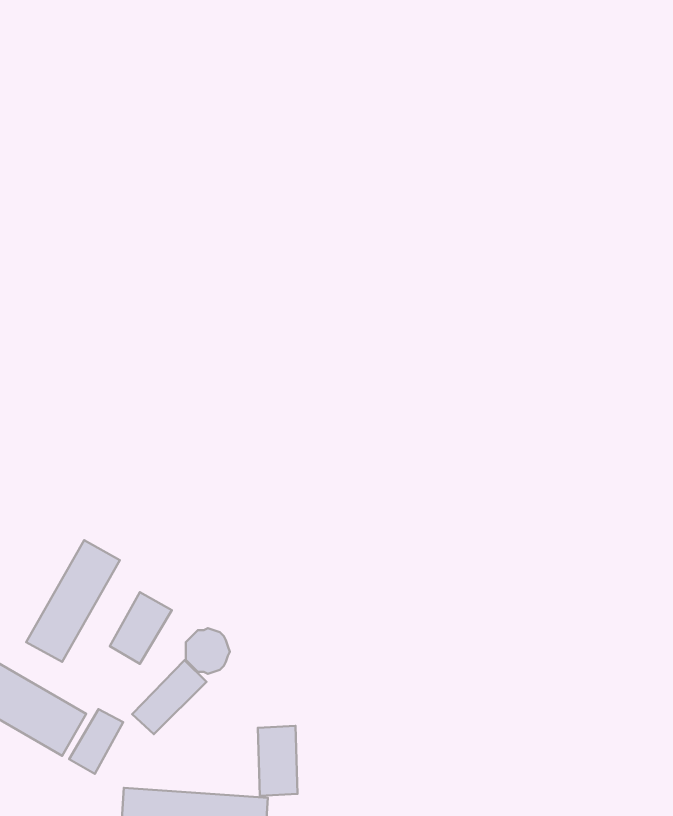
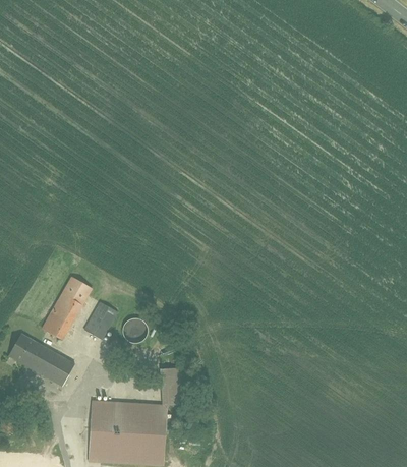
building: [132,660,206,734] -> none
building: [69,709,123,774] -> none

